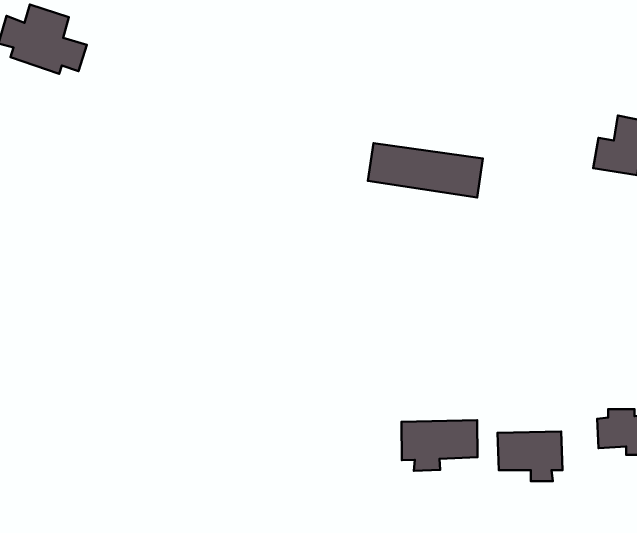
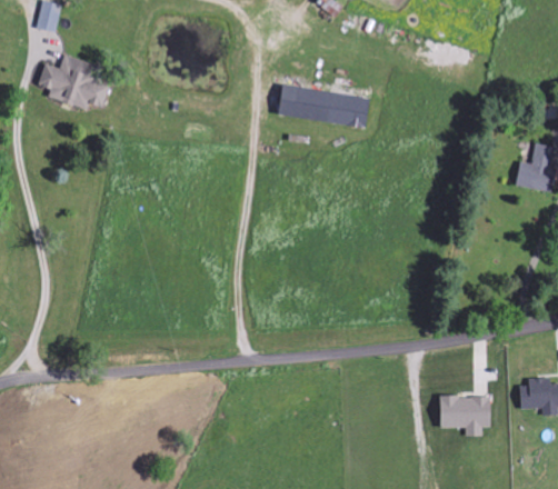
building: [368,143,483,197] -> [277,83,369,127]
building: [402,420,477,471] -> none

